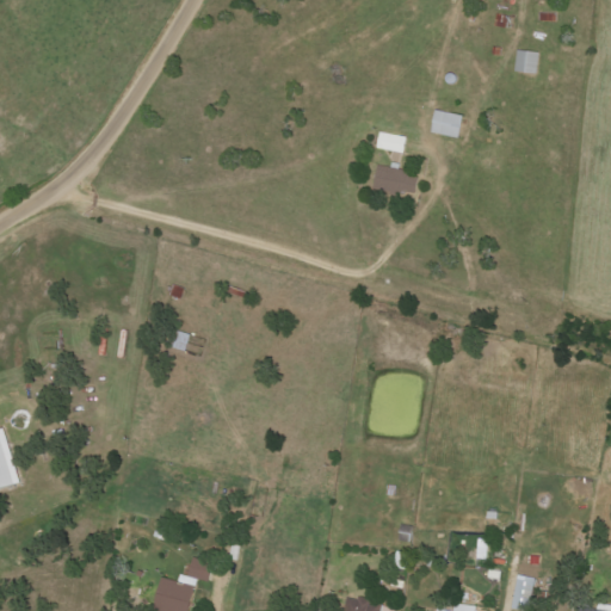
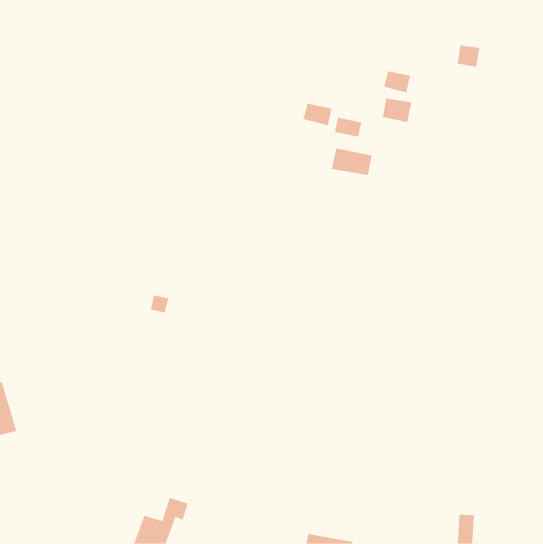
building: none -> [384,70,410,93]
building: none -> [303,103,332,126]

